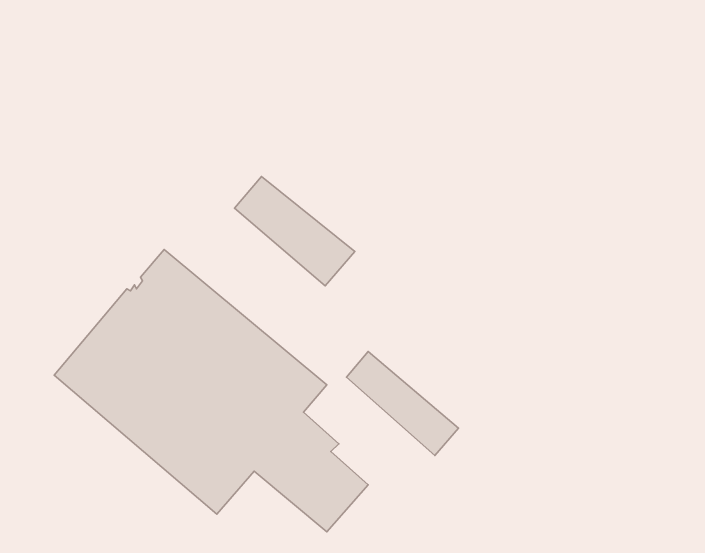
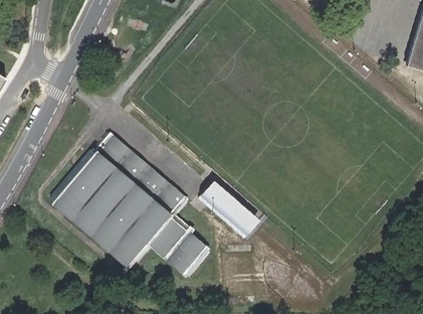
building: [234,176,355,286] -> none

